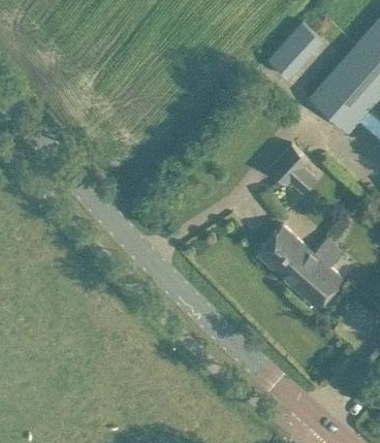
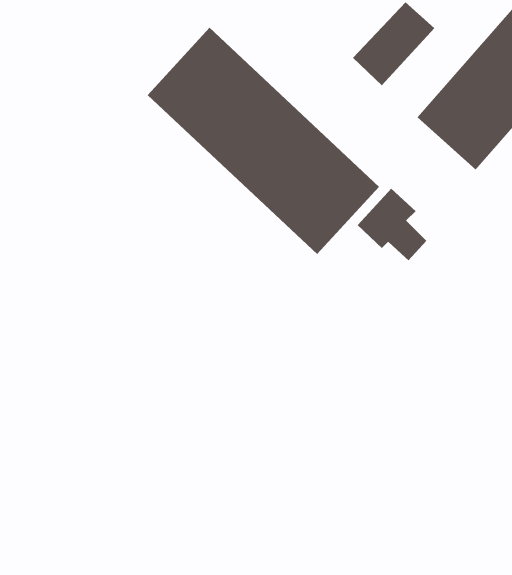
building: none -> [147,27,380,255]
building: [257,226,343,307] -> none

